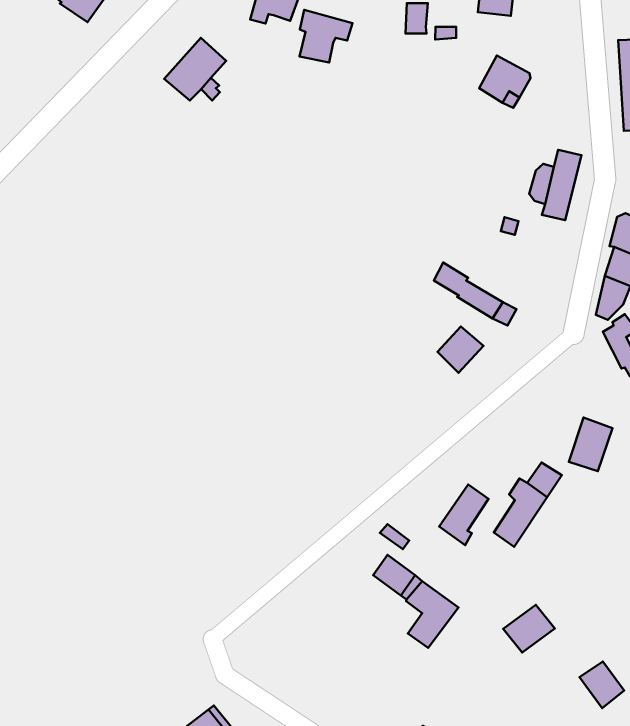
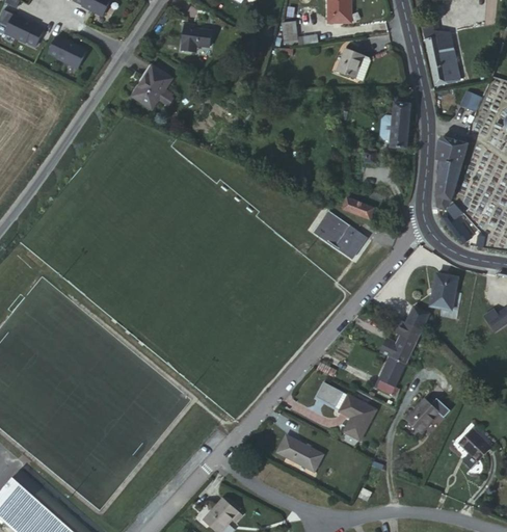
building: [299,10,352,62] -> none
building: none -> [314,213,348,246]
building: [439,484,488,545] -> [375,357,404,397]
building: none -> [277,436,321,471]

